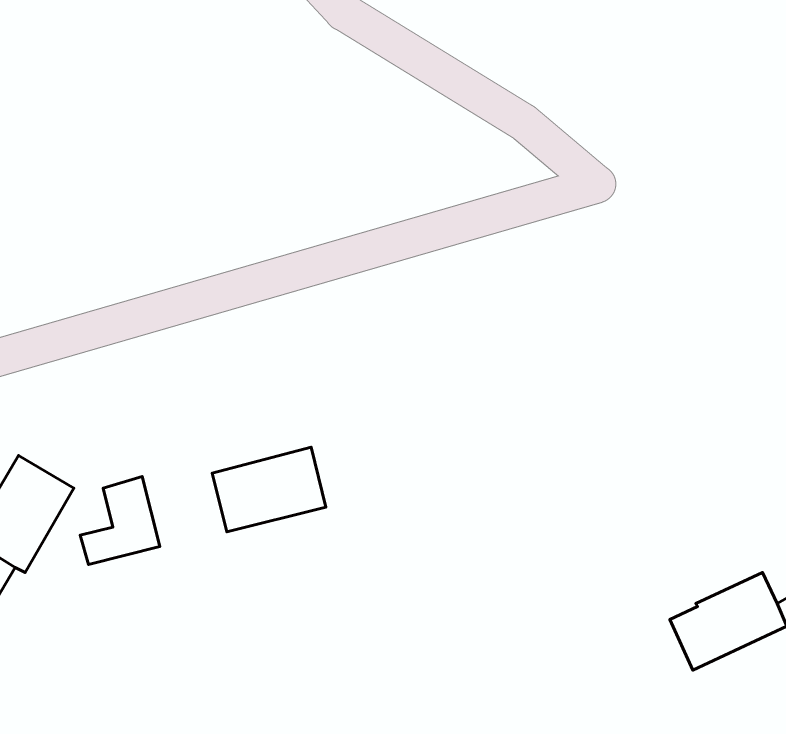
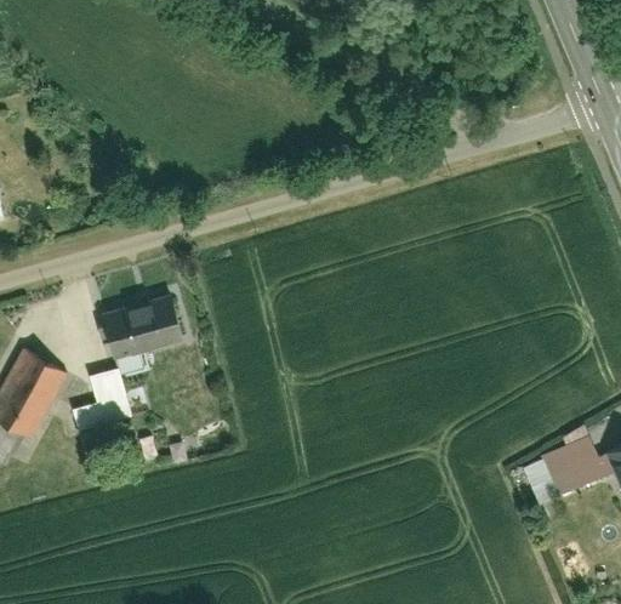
building: [212,447,326,532] -> [103,294,188,357]

